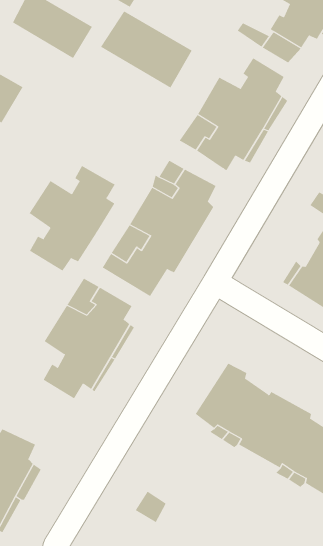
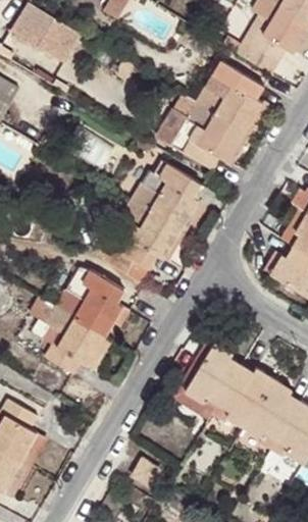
building: [100,10,192,88] -> none
building: [29,165,115,272] -> none

